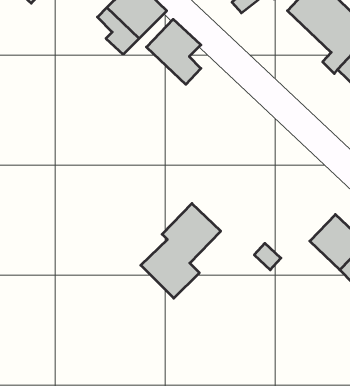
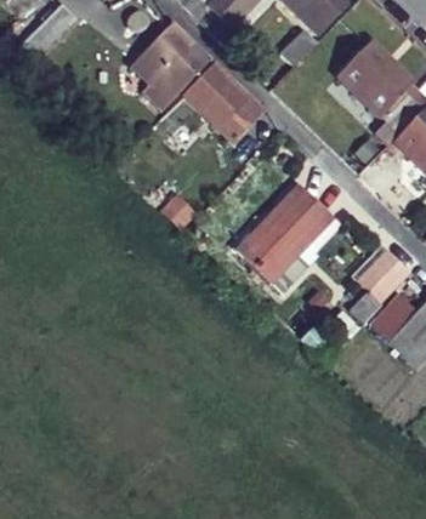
building: none -> [351,250,404,314]
building: [141,203,221,298] -> [233,182,324,290]

